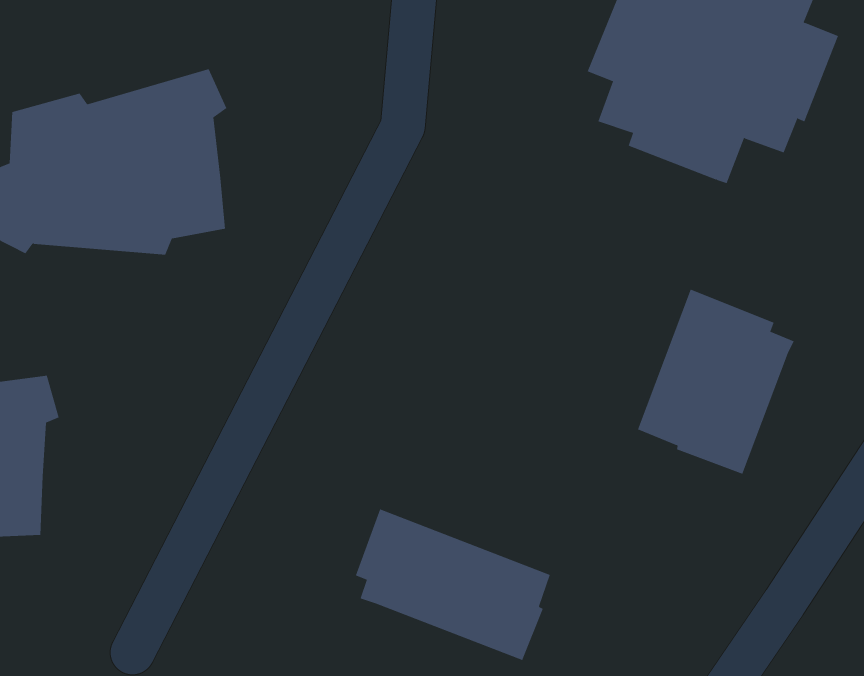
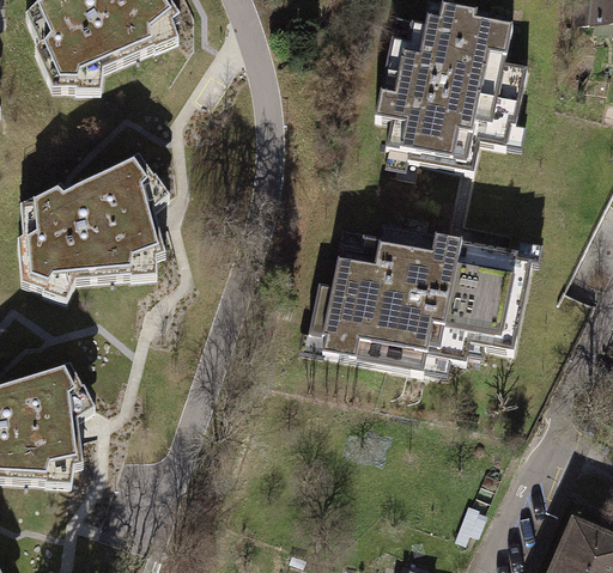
building: none -> [308,225,469,373]
building: [355,508,550,661] -> none

